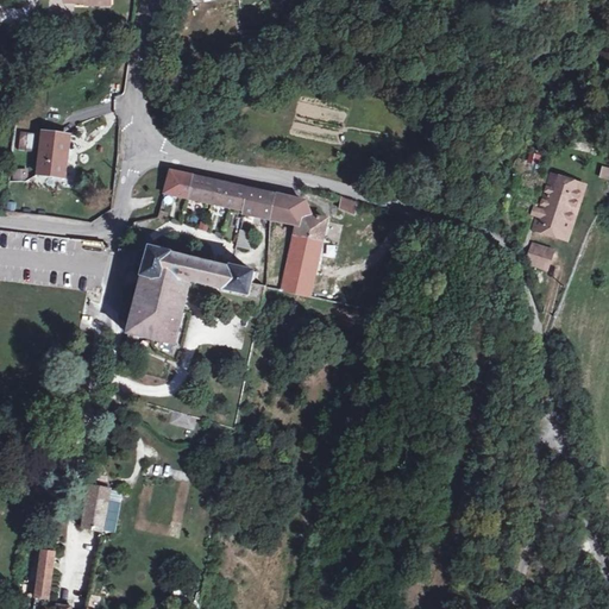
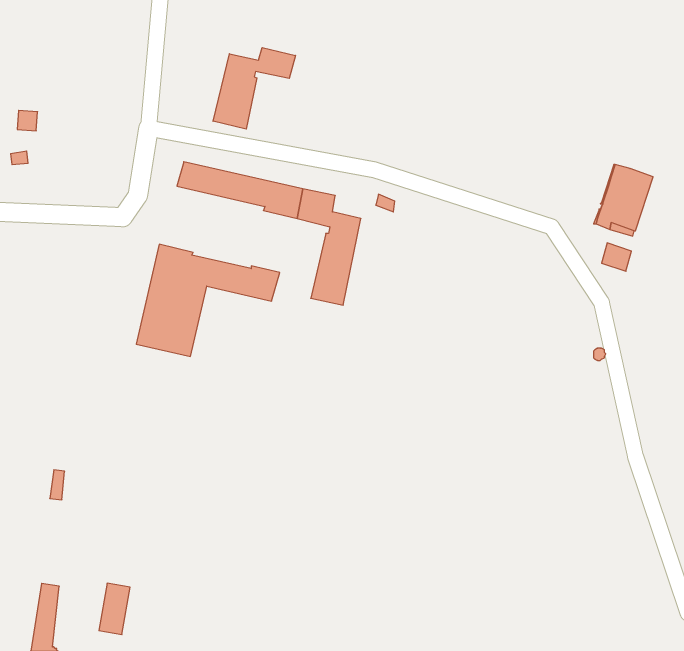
building: none -> [213,48,295,129]
building: [40,126,70,169] -> none
building: [86,478,113,523] -> [99,583,130,635]

